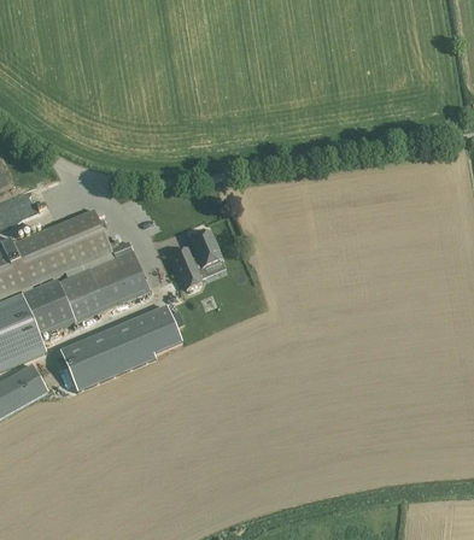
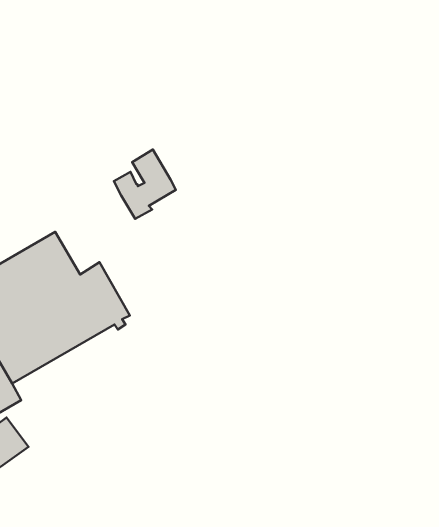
building: [171,230,224,288] -> [114,150,176,219]
building: [59,305,182,391] -> none

